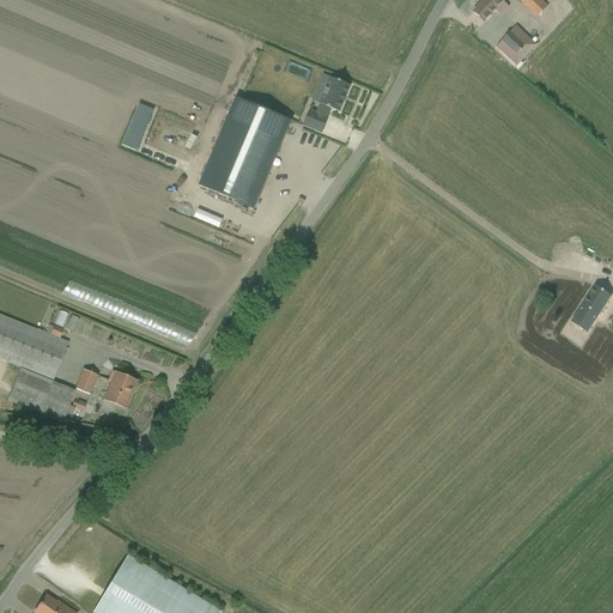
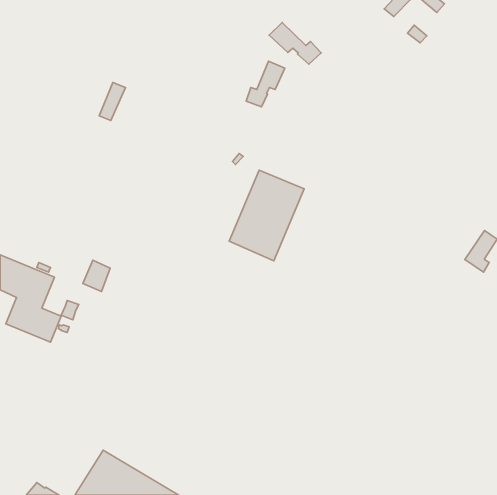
building: none -> [269,22,321,64]
building: [199,96,291,207] -> [229,170,304,261]
building: [103,370,136,408] -> [83,260,110,291]

